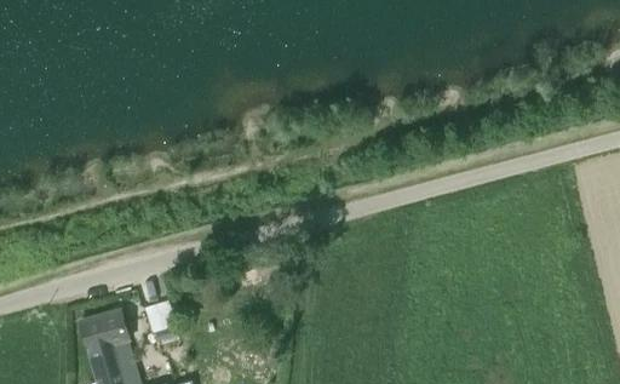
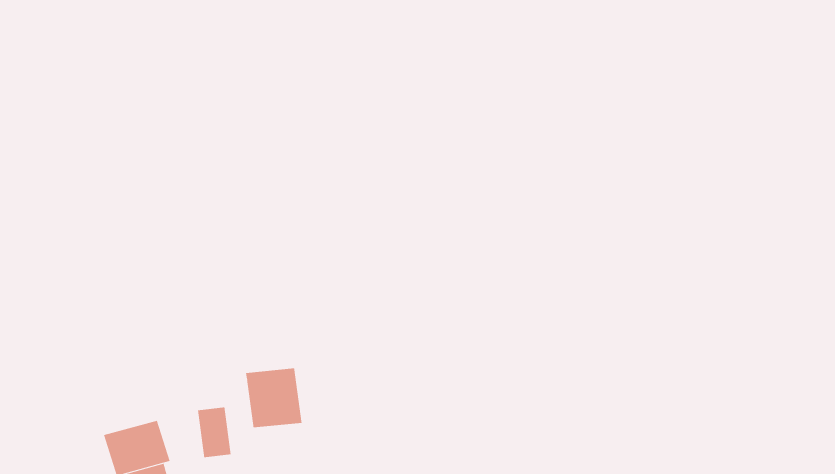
building: none -> [245,368,302,428]

